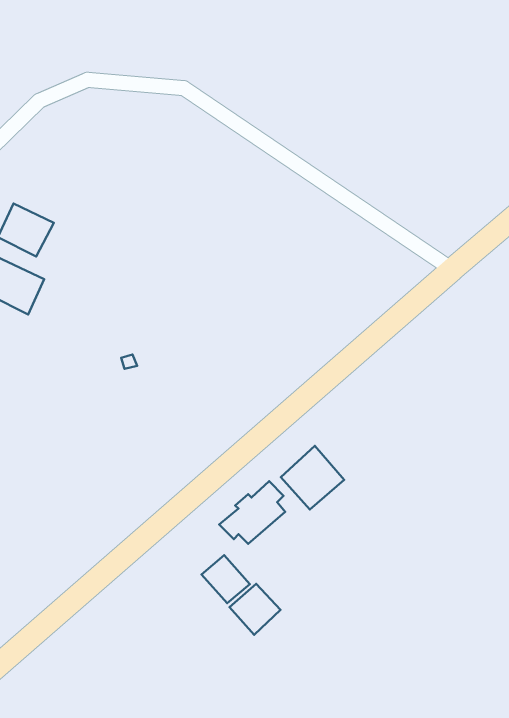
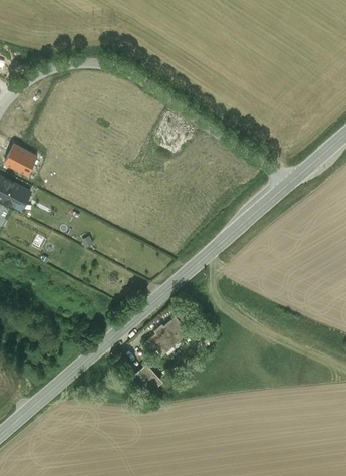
building: [281,446,344,509] -> none
building: [230,584,280,635] -> none

